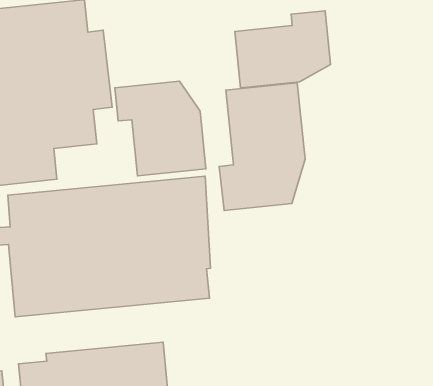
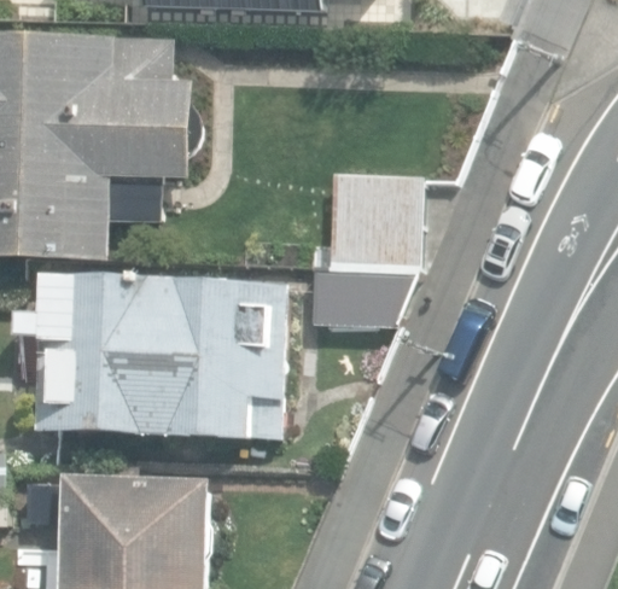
building: [235,11,331,88] -> none
building: [115,81,206,176] -> none

